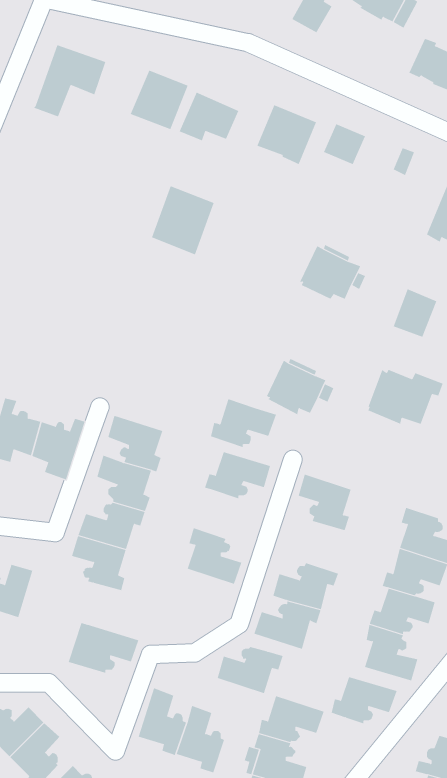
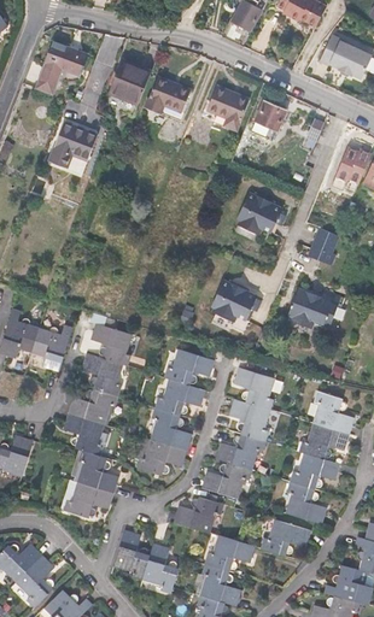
building: [151,185,215,255] -> [48,121,97,174]
building: [210,399,277,448] -> [154,378,205,416]
building: none -> [229,399,270,442]
building: none -> [135,439,186,476]
building: none -> [70,449,118,493]

